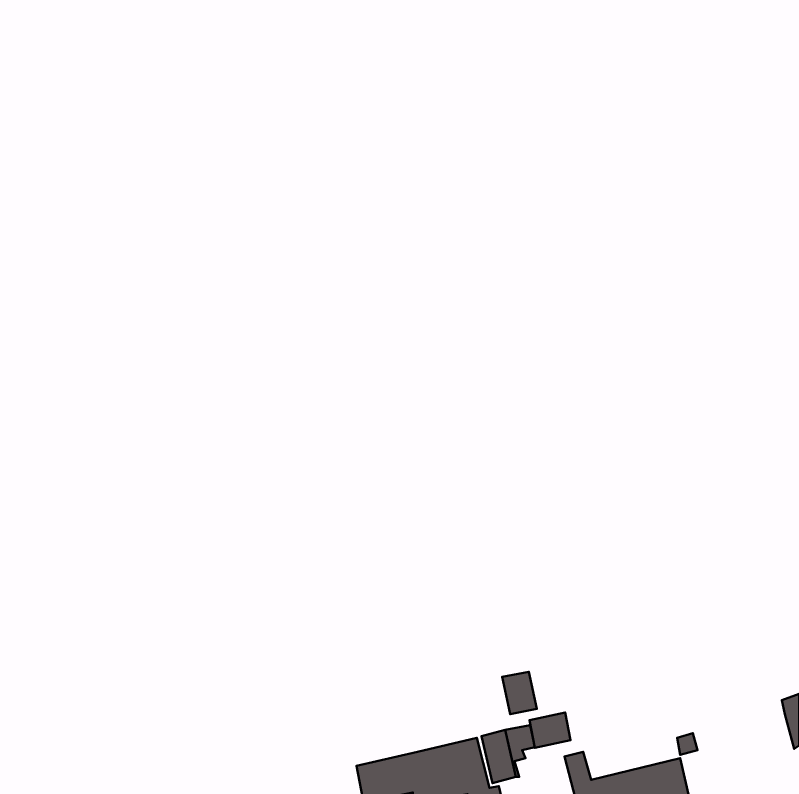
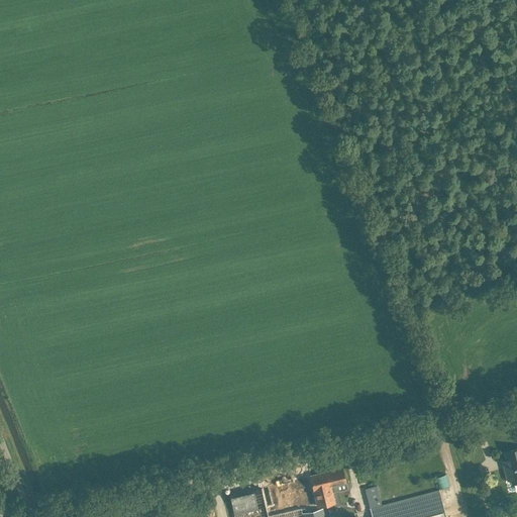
building: [502,672,537,714] -> none
building: [530,713,571,748] -> none

